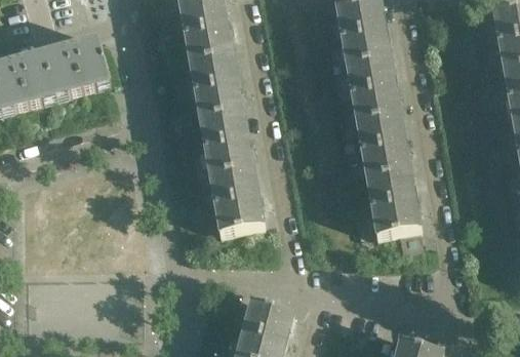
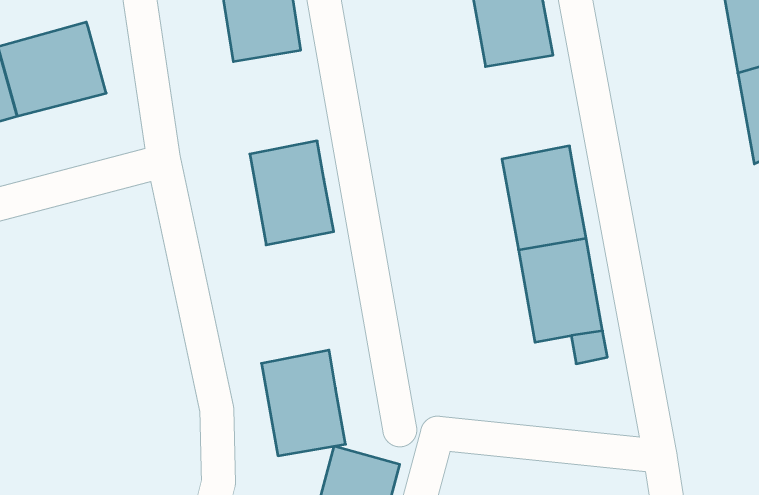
building: [189,50,241,115] -> none
building: [346,53,398,118] -> none
building: [209,163,262,229] -> [261,350,346,456]

